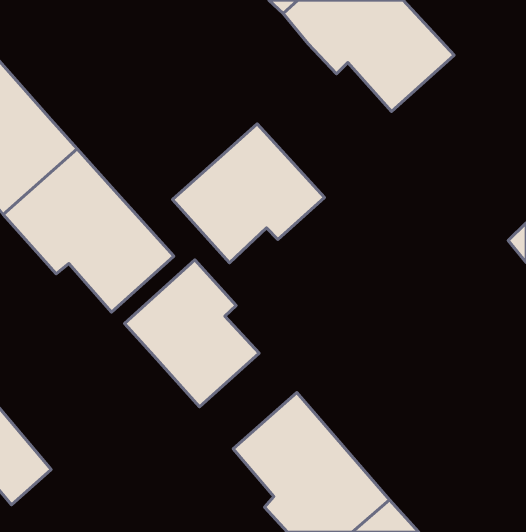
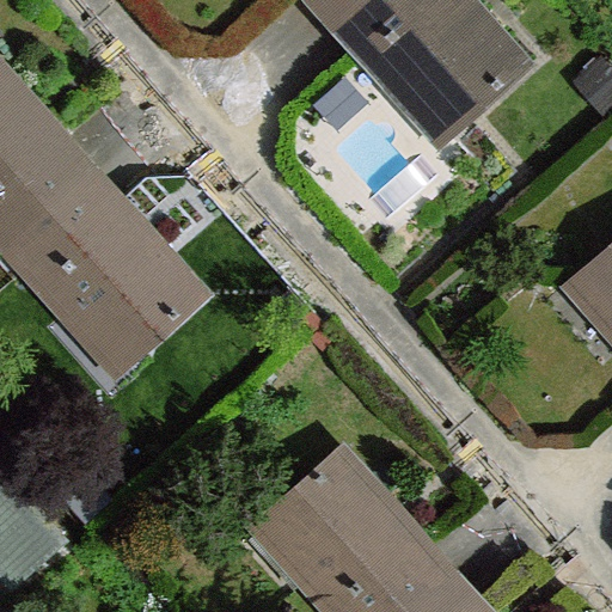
building: [173,124,324,263] -> none
building: [125,260,259,407] -> none

